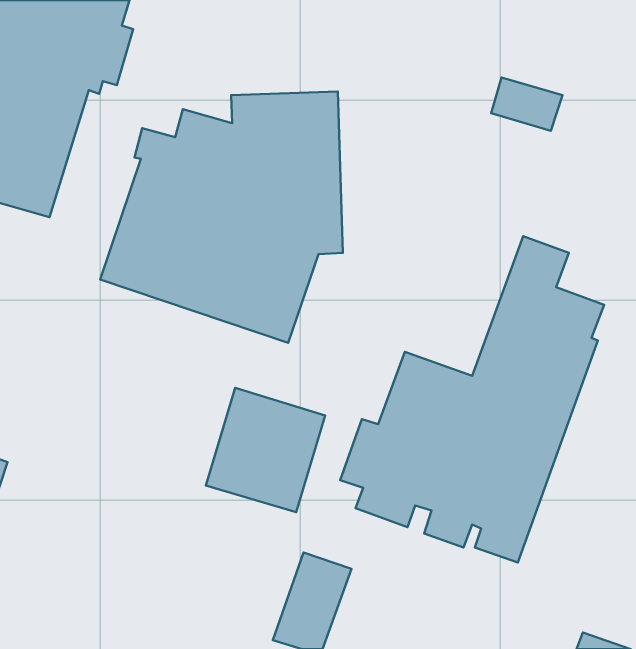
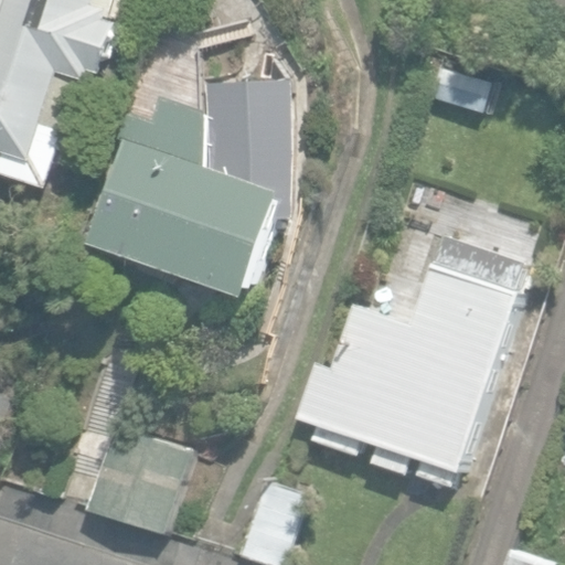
building: [206,388,325,512] -> [85,425,189,533]

